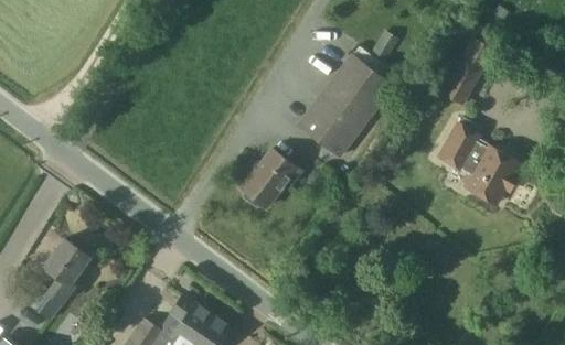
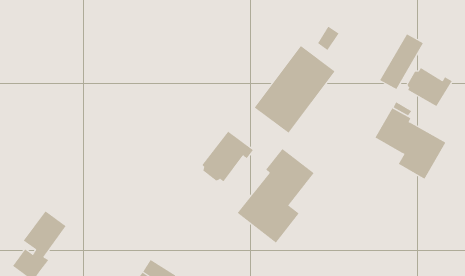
building: none -> [407,67,452,107]
building: none -> [237,148,314,243]

